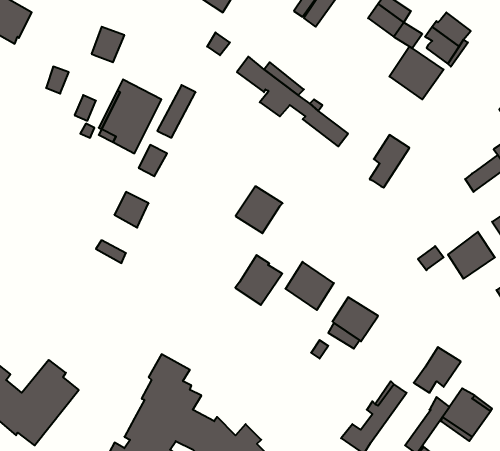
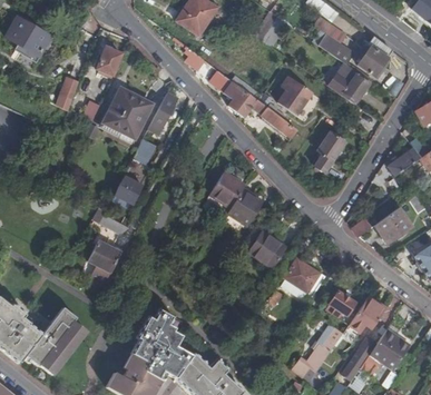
building: none -> [278,76,312,115]
building: [235,255,282,305] -> [227,187,264,226]
building: none -> [88,240,120,285]
building: none -> [326,290,357,324]

